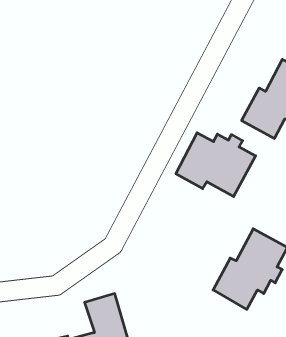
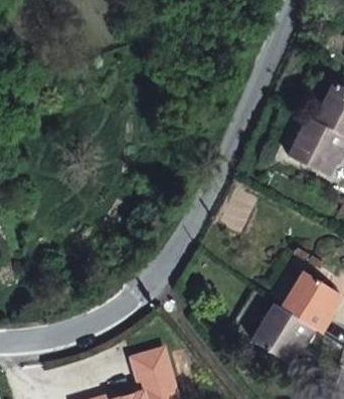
building: [176,133,256,197] -> none

